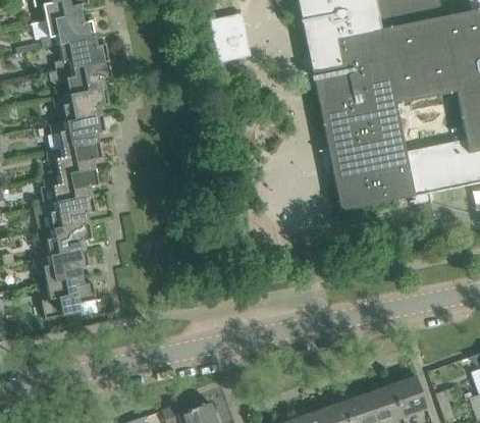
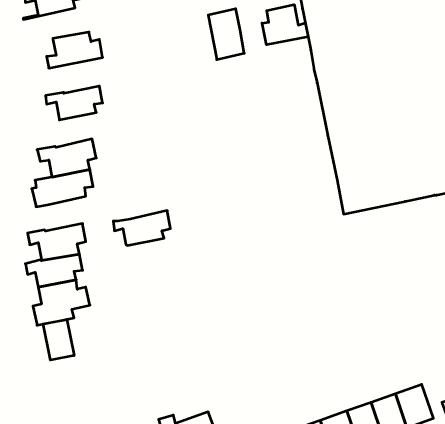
building: none -> [262,5,308,45]
building: [32,13,95,47] -> none
building: [49,61,111,96] -> none
building: [49,114,105,148] -> none
building: [40,195,95,228] -> [113,211,170,245]
building: none -> [43,319,74,360]

